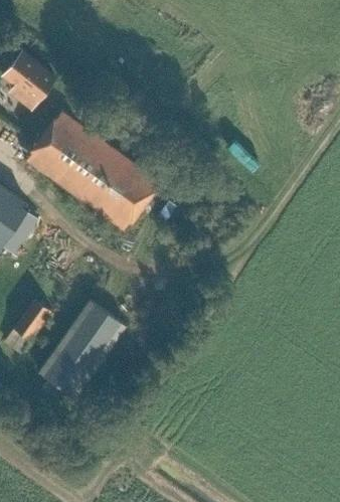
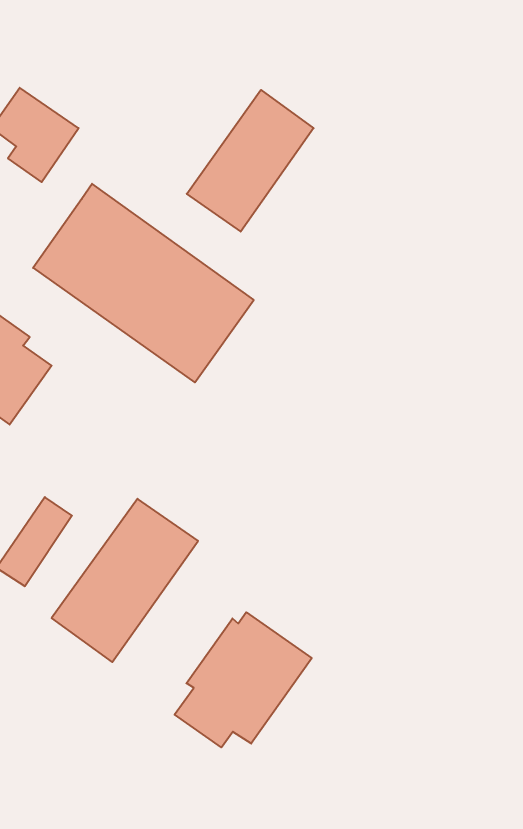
building: none -> [187,90,314,232]
building: none -> [175,612,312,747]

